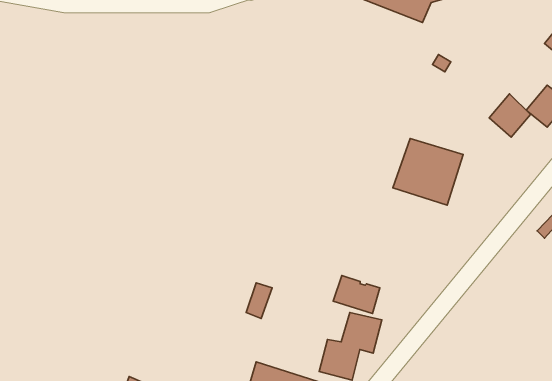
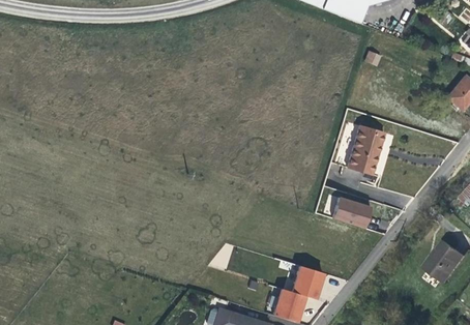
building: [489,94,531,137] -> none
building: [333,275,380,314] -> [332,196,372,228]
building: none -> [424,236,463,275]

